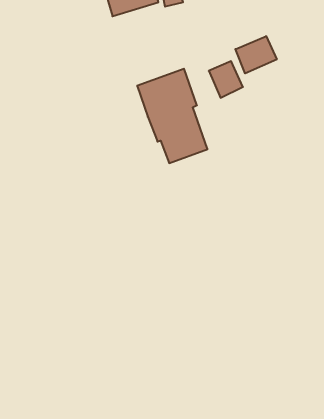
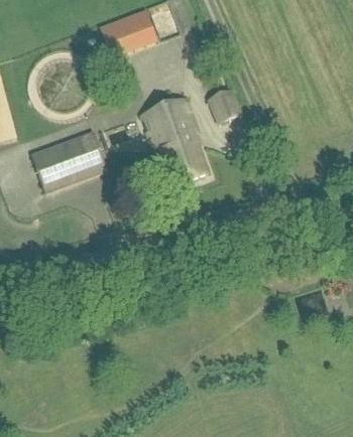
building: [235,36,277,73] -> none
building: none -> [30,131,106,191]

